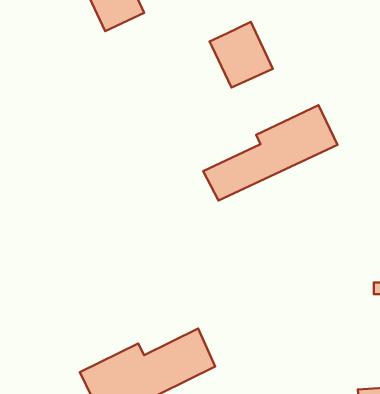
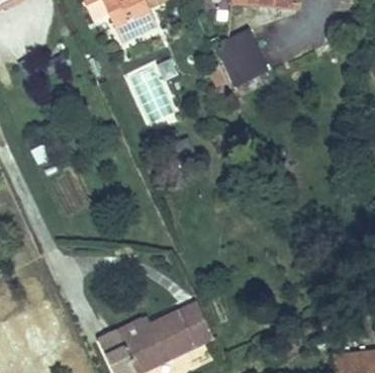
building: none -> [126,57,183,125]
building: [203,105,337,201] -> none

